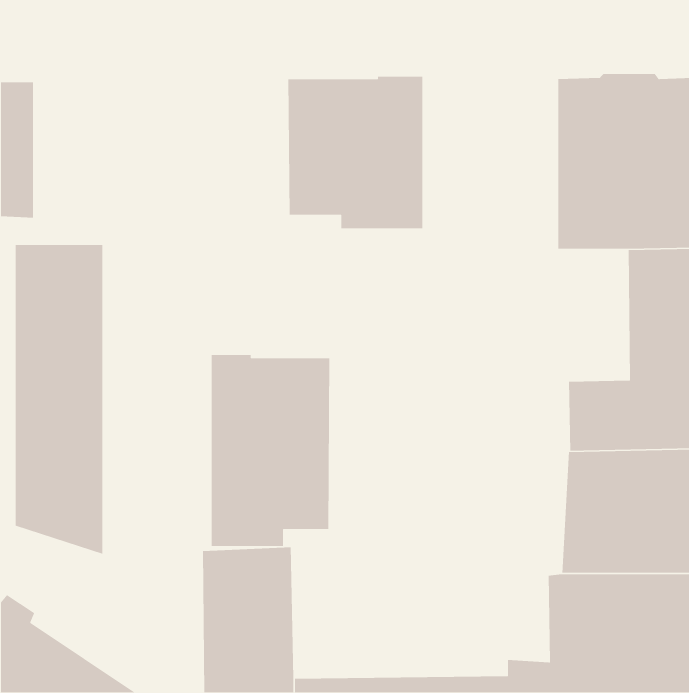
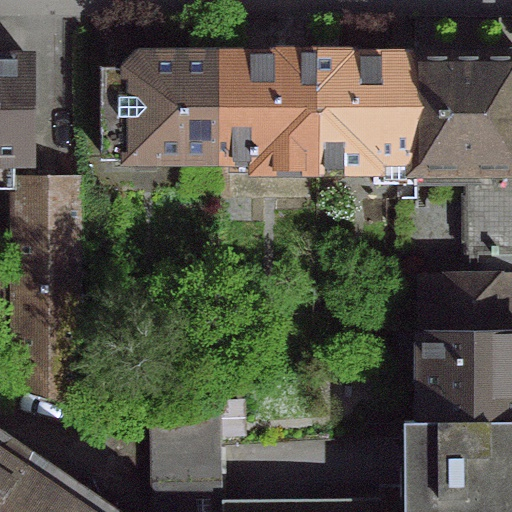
building: none -> [315,56,414,184]
building: none -> [102,57,216,159]
building: [211,354,330,547] -> none

